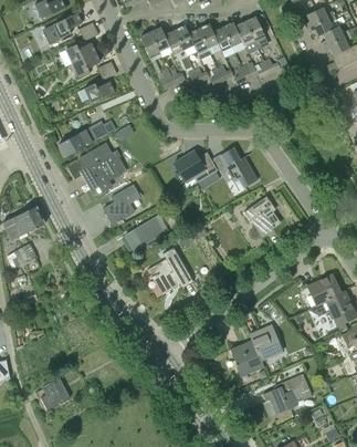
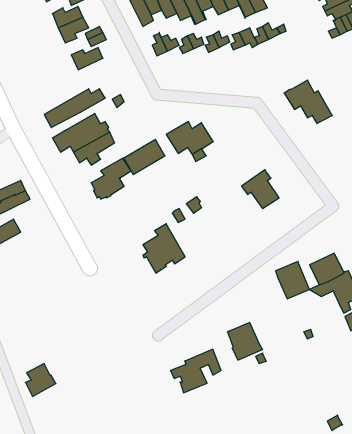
building: [212,146,258,187] -> [284,80,332,124]
building: [125,217,164,250] -> [124,139,165,175]
building: [250,324,282,360] -> [276,261,310,299]
building: [263,373,311,414] -> [171,349,221,393]

